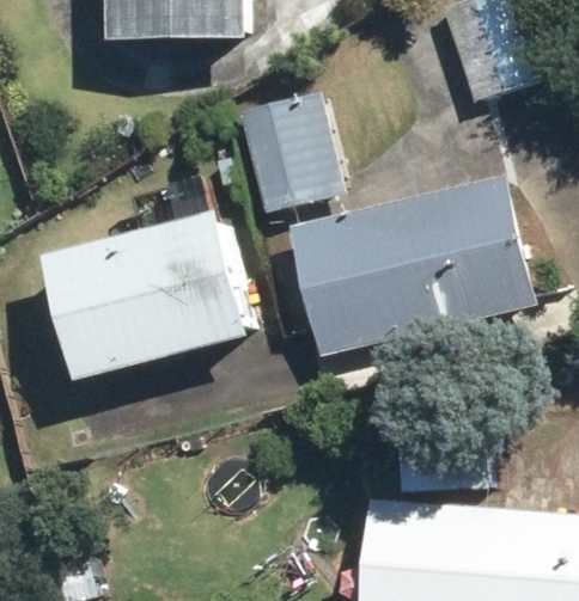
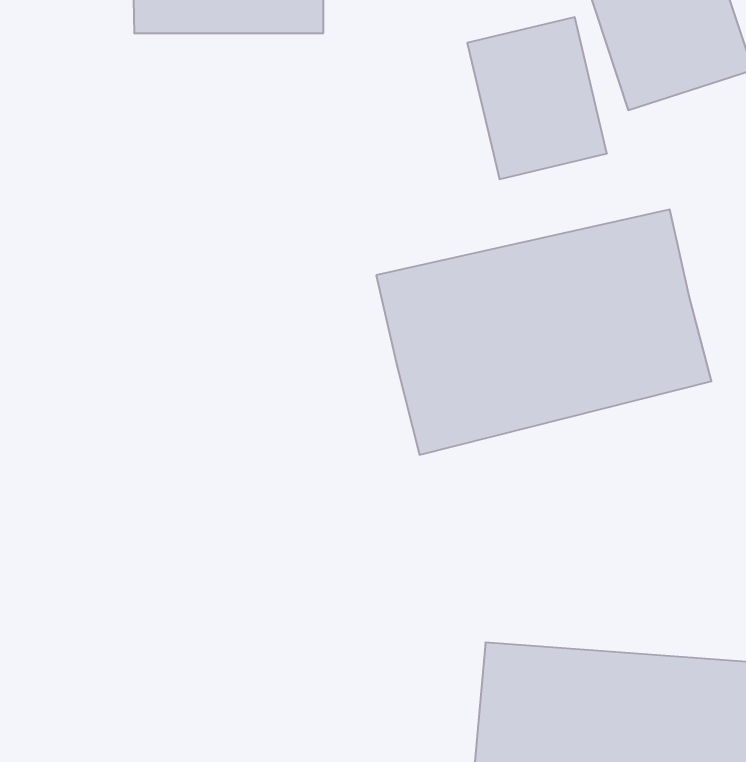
building: [239,91,343,211] -> [467,17,607,179]
building: [41,213,255,384] -> none

